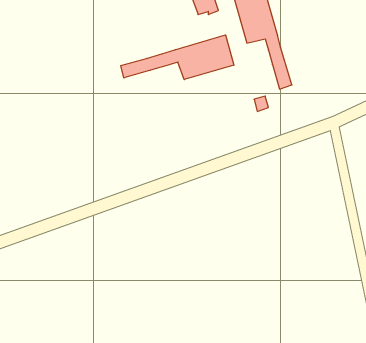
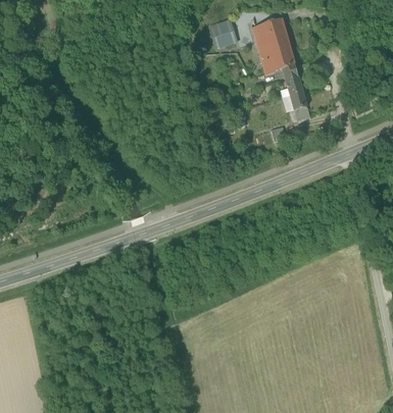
building: [121,35,234,80] -> none

